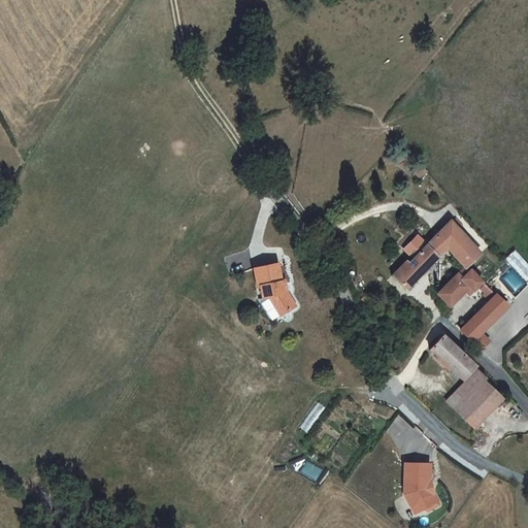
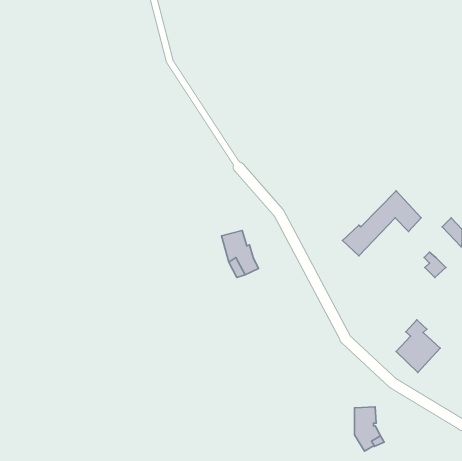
building: [437,270,484,306] -> none
building: [462,305,496,346] -> none
building: [430,333,476,378] -> none

